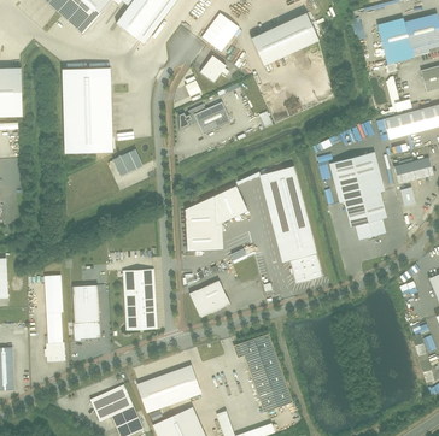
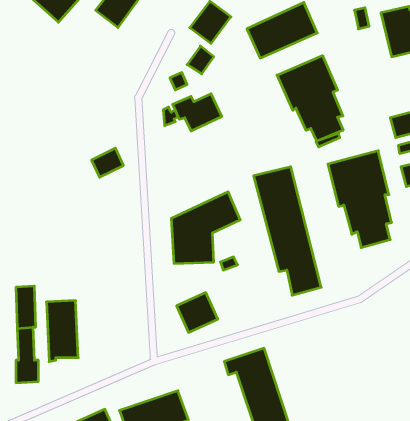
building: none -> [277,56,343,141]
building: [62,70,111,153] -> none
building: [122,267,157,329] -> none

